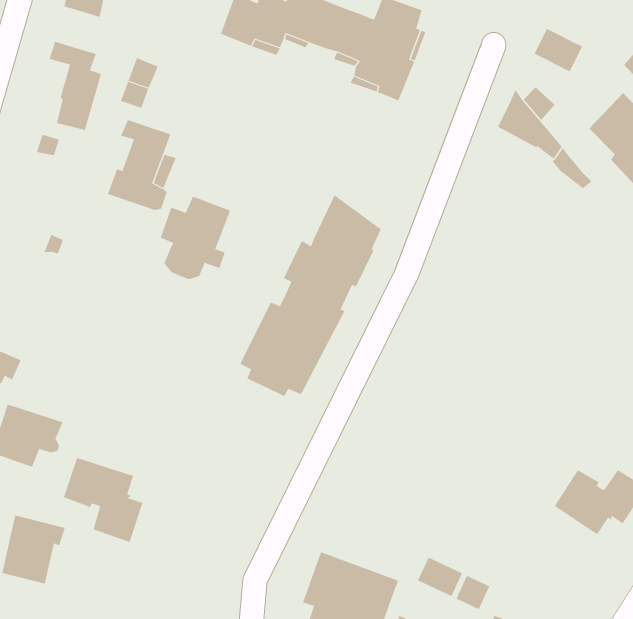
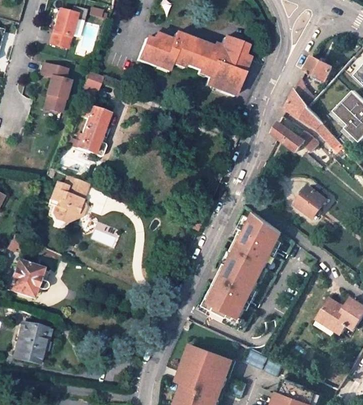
building: none -> [273,123,319,151]
building: [239,194,382,397] -> [203,212,281,323]
building: [160,196,231,280] -> [50,174,89,220]
building: none -> [296,184,327,217]
building: [63,457,143,543] -> none

